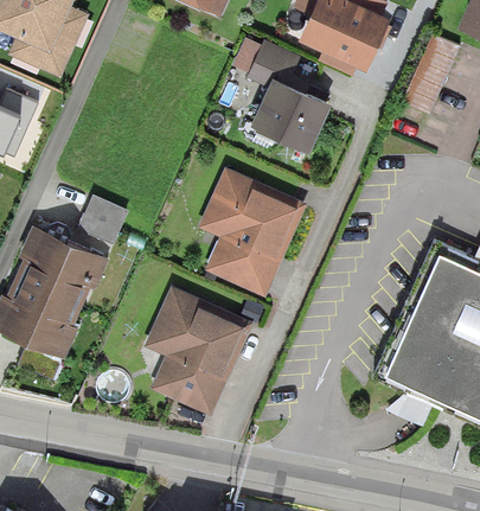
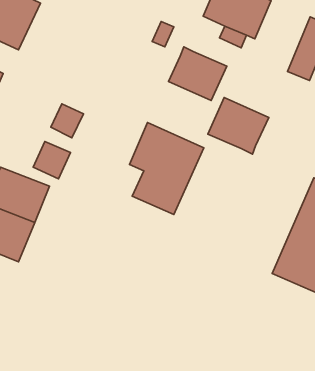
building: [248,46,294,87] -> none
building: none -> [208,98,269,154]
building: none -> [51,104,83,138]
building: [147,298,245,413] -> none

